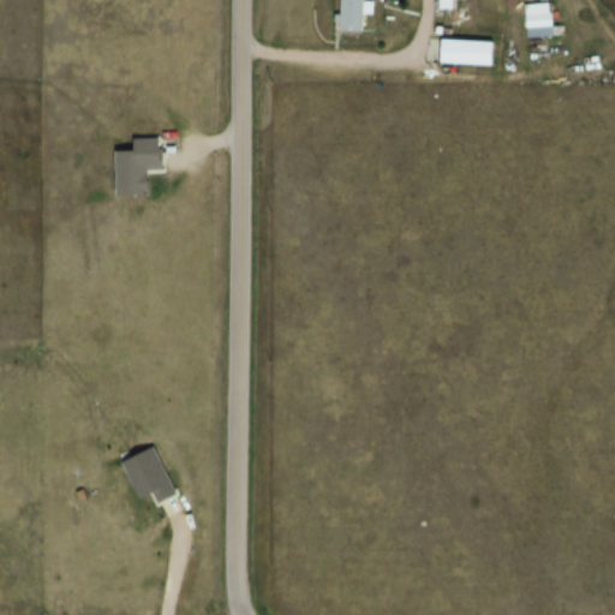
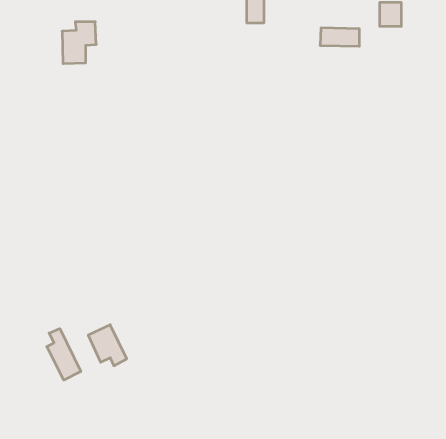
building: [115,138,162,196] -> [62,22,96,64]
building: none -> [47,329,81,380]

